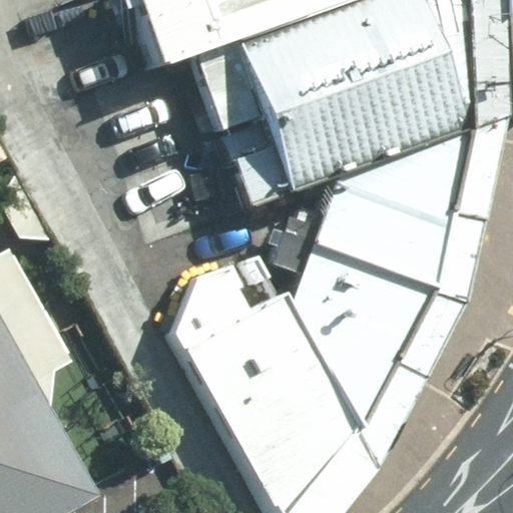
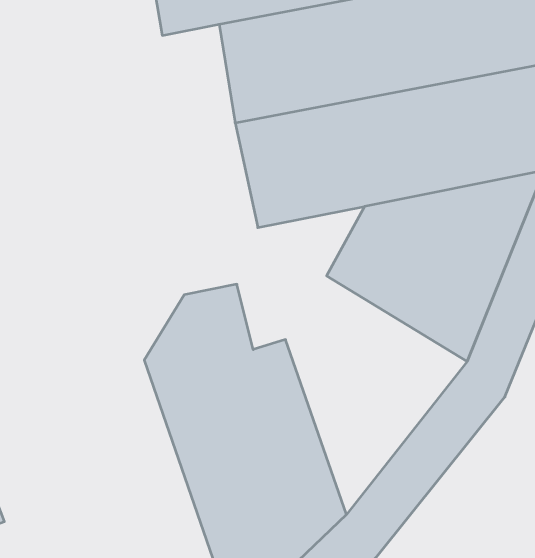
building: [284,242,429,427] -> none

